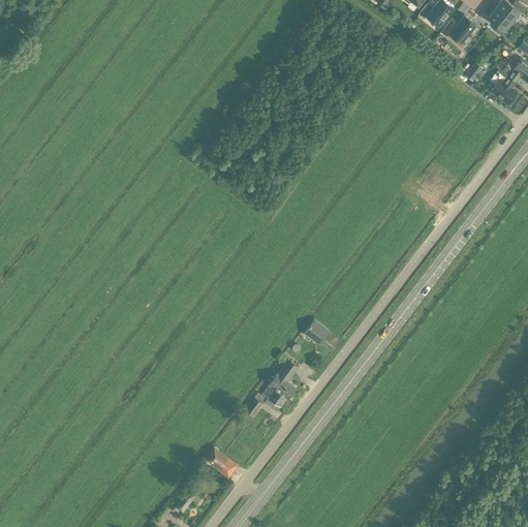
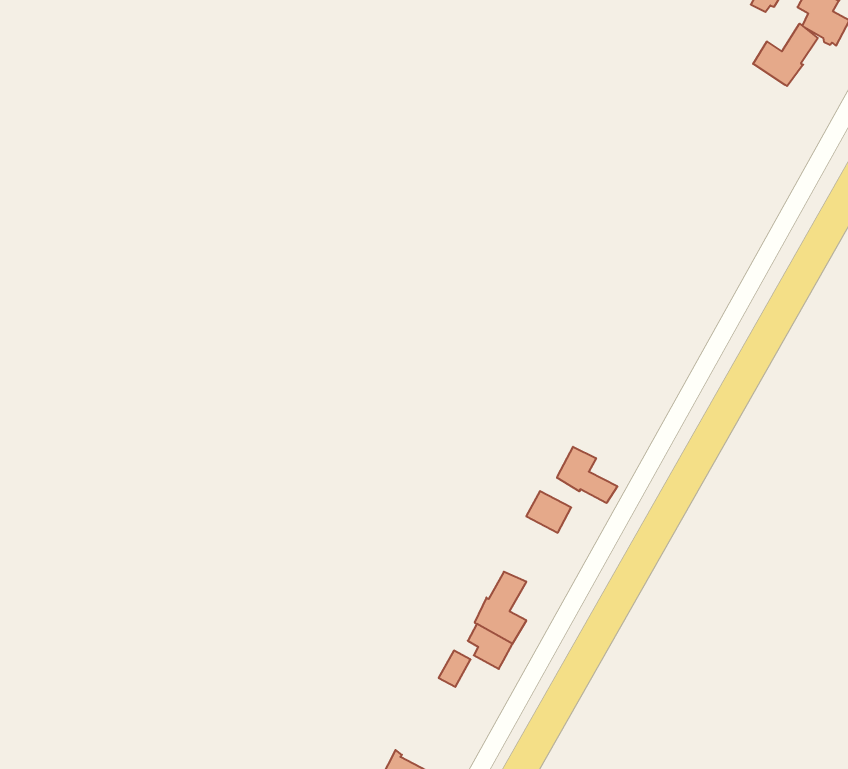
building: none -> [753,24,818,86]
building: none -> [557,447,617,503]

